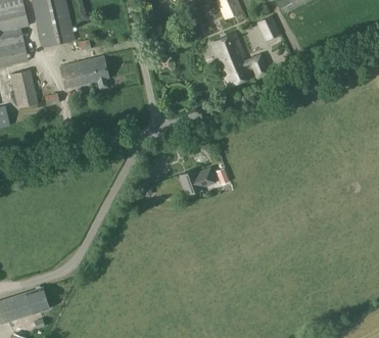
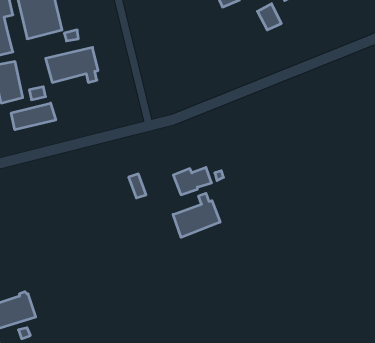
building: [207,31,267,86] -> none
building: none -> [11,103,56,130]
building: none -> [173,193,220,237]

